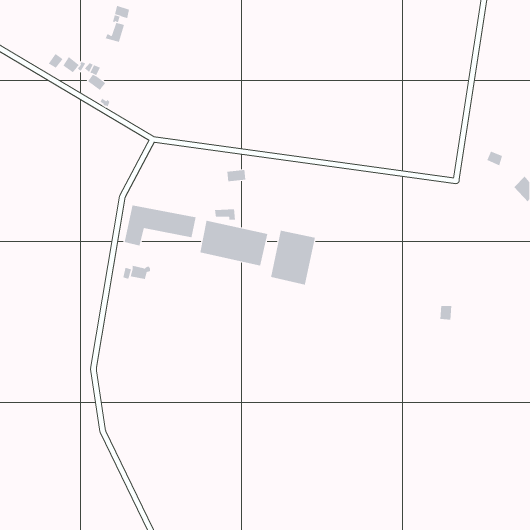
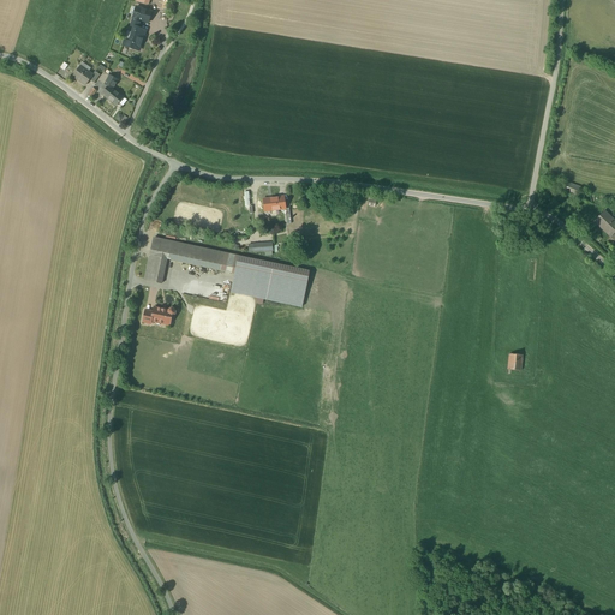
building: [271,230,316,286] -> none

